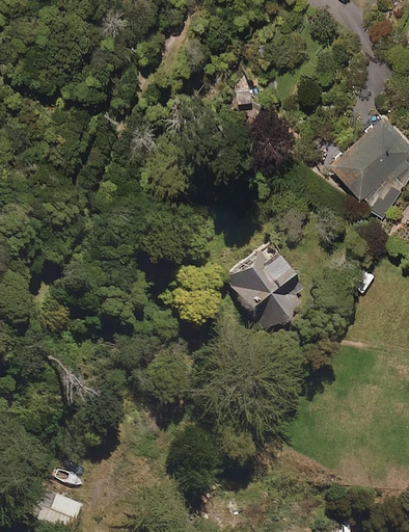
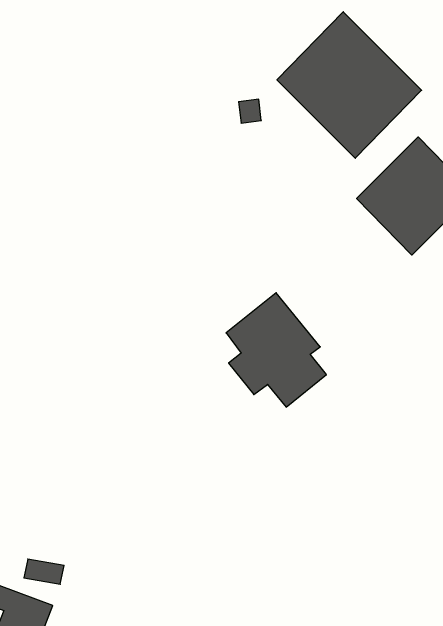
building: none -> [277,12,422,158]

